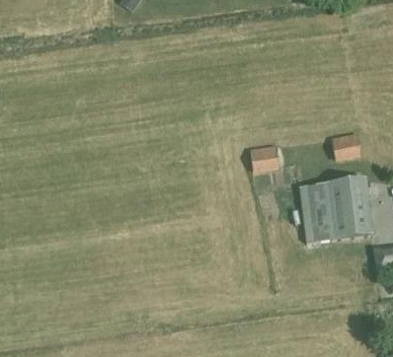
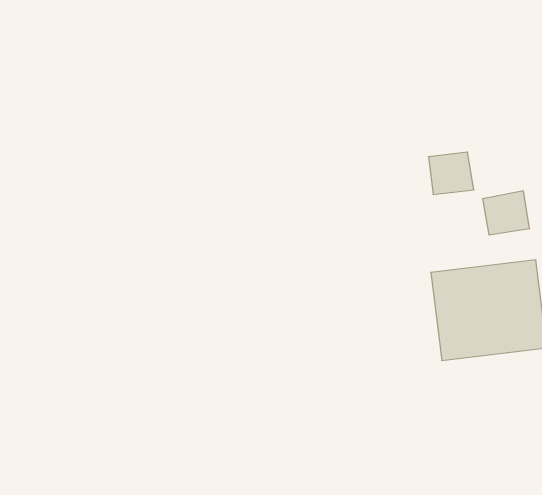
building: [251,144,281,171] -> [428,152,474,194]

